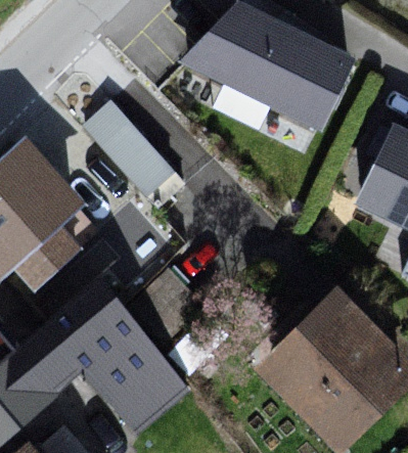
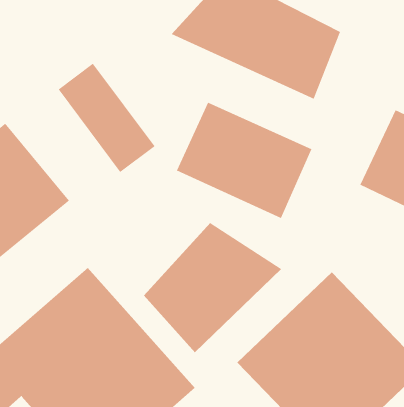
building: none -> [176,102,312,219]
building: none -> [143,222,282,353]

